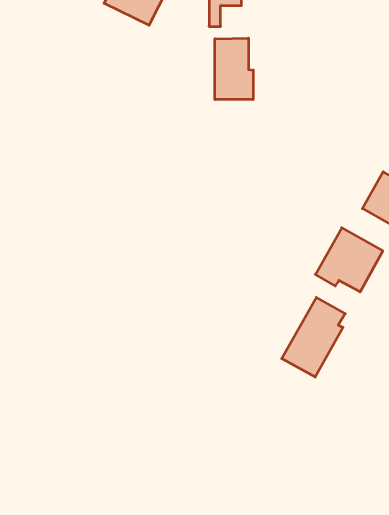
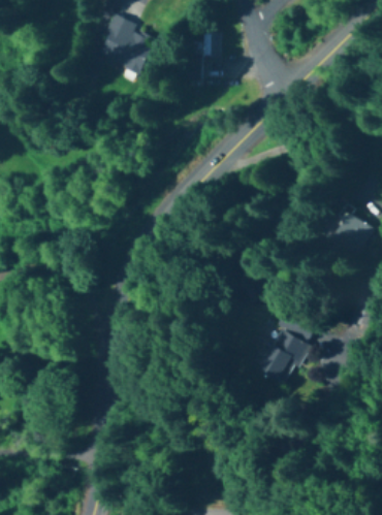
building: [215,38,253,100] -> none
building: [315,228,383,292] -> none

